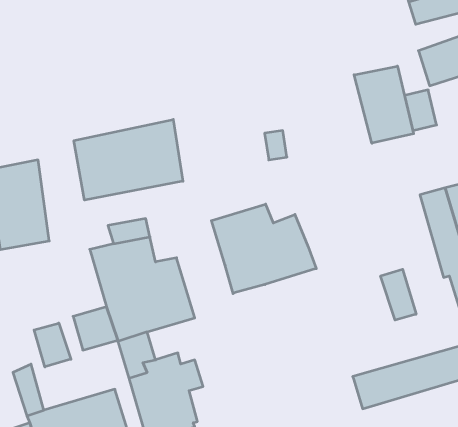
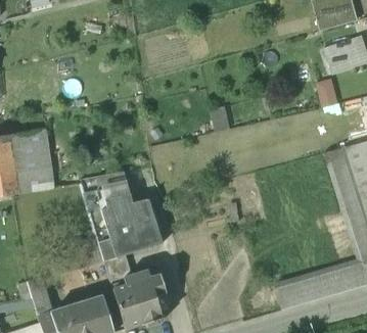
building: [354,66,414,143] -> none
building: [74,119,183,200] -> none
building: [211,204,316,294] -> none
building: [381,269,416,320] -> none
building: [34,323,71,367] -> none

